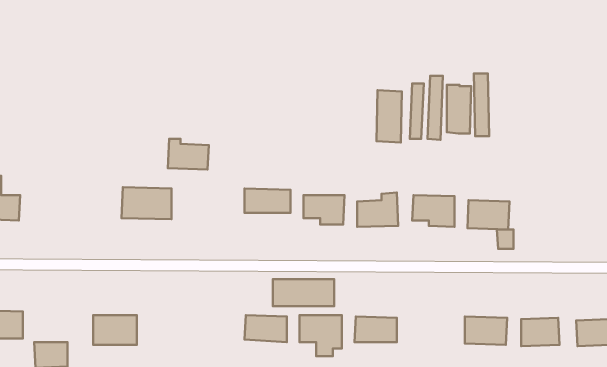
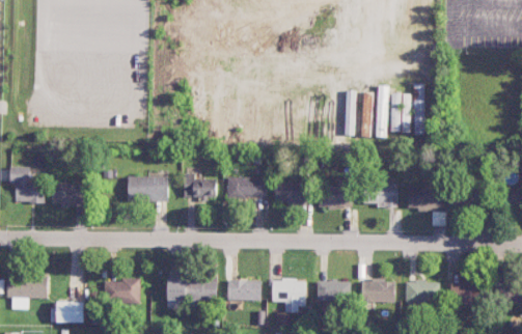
building: [168,139,209,170] -> [184,173,217,198]
building: none -> [52,182,84,204]
building: [273,279,334,306] -> [167,278,217,300]
building: none -> [362,279,395,301]

